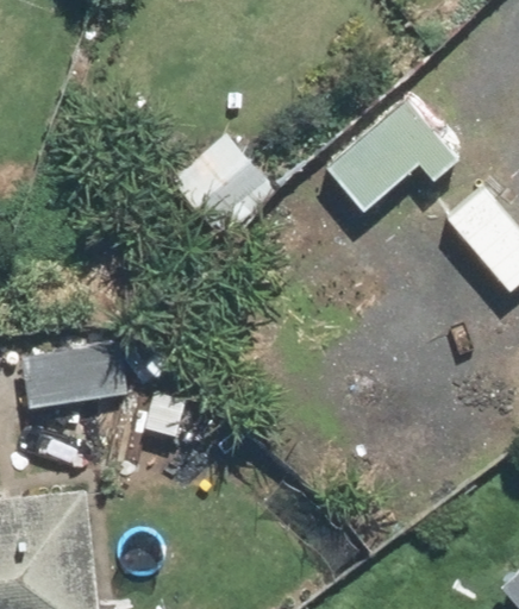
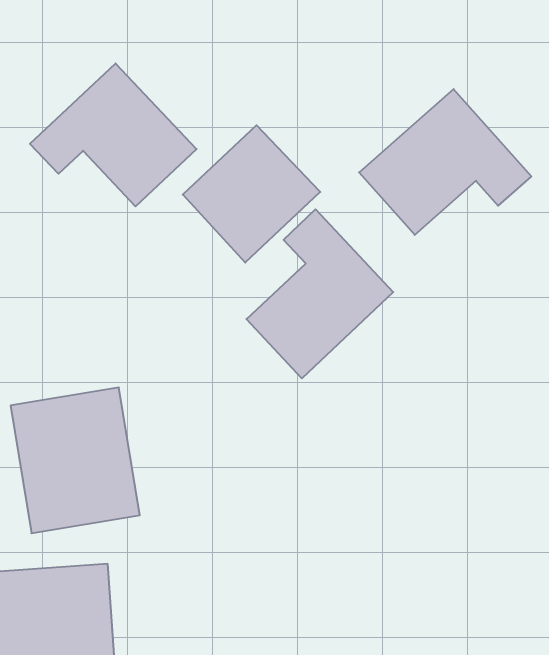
building: none -> [30,63,197,206]
building: none -> [246,209,393,378]

